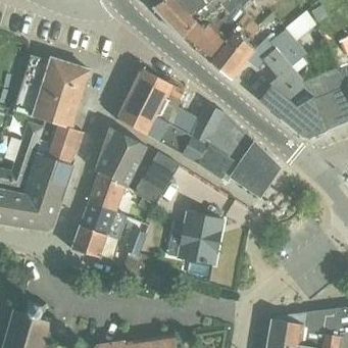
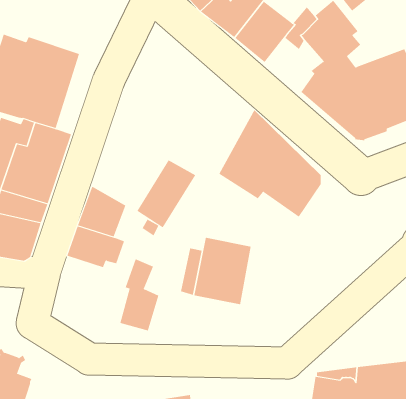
building: [115,68,225,163] -> none
building: [95,129,148,188] -> none
building: [71,227,119,261] -> none

